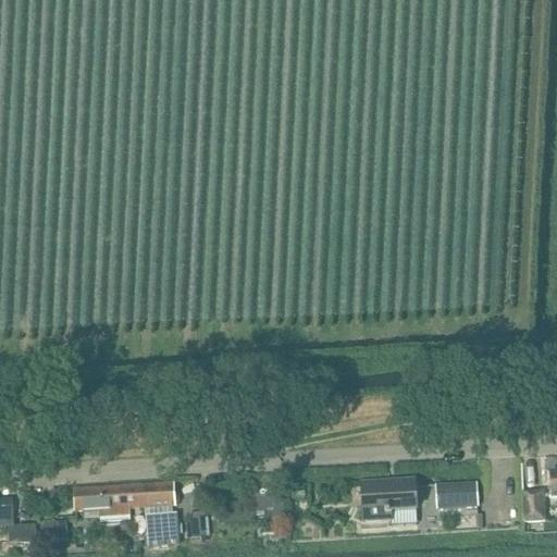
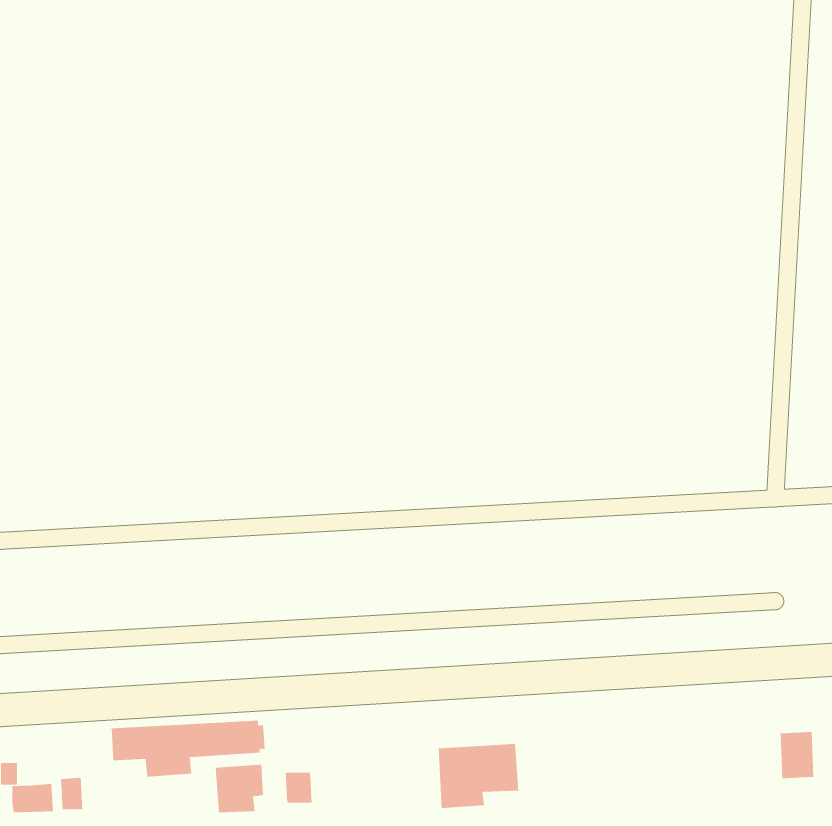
building: [361,476,416,520] -> [438,743,519,809]
building: [436,480,476,506] -> none

